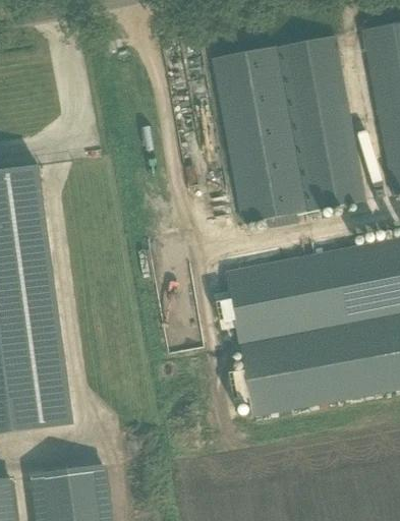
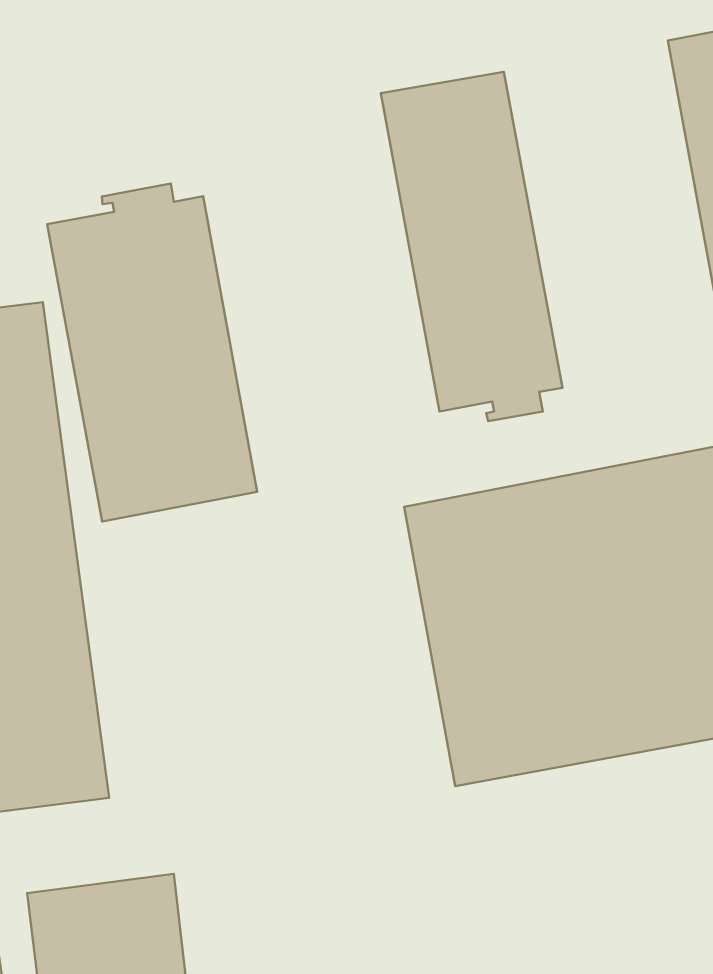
building: [278,35,366,211] -> none
building: none -> [47,184,257,522]

